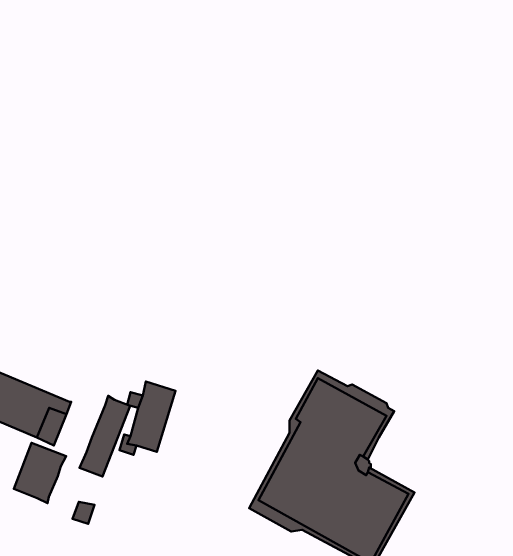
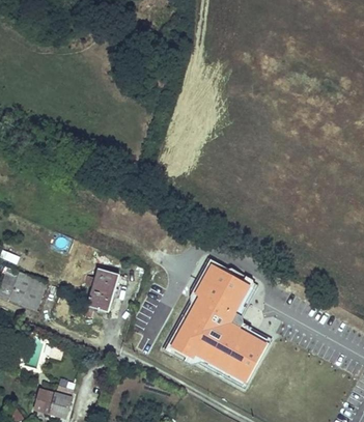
building: [80,396,130,476] -> none
building: [14,443,66,503] -> none

